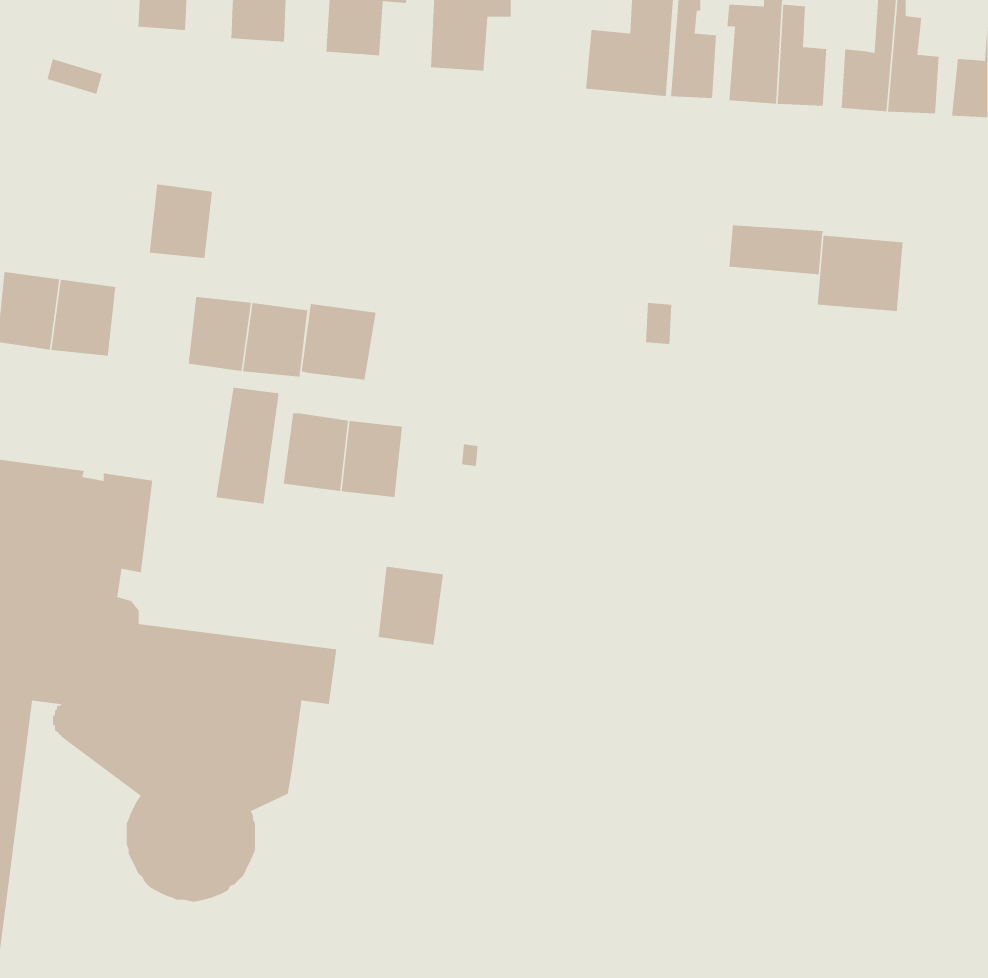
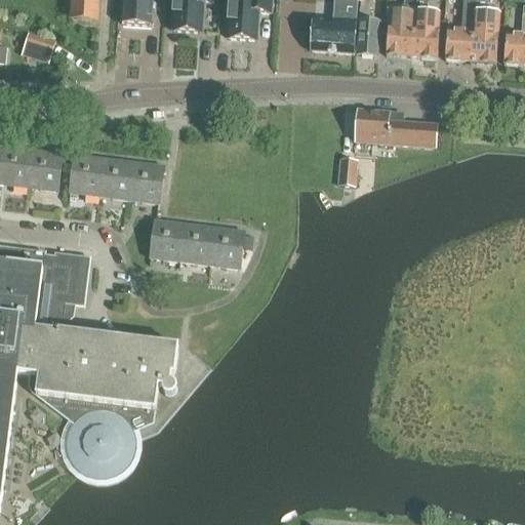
building: [149,183,213,259] -> [70,153,104,193]
building: none -> [353,107,388,142]
building: [817,235,903,312] -> none
building: [301,303,377,381] -> none
building: [215,387,280,504] -> none
building: [378,566,444,645] -> [209,226,244,268]

